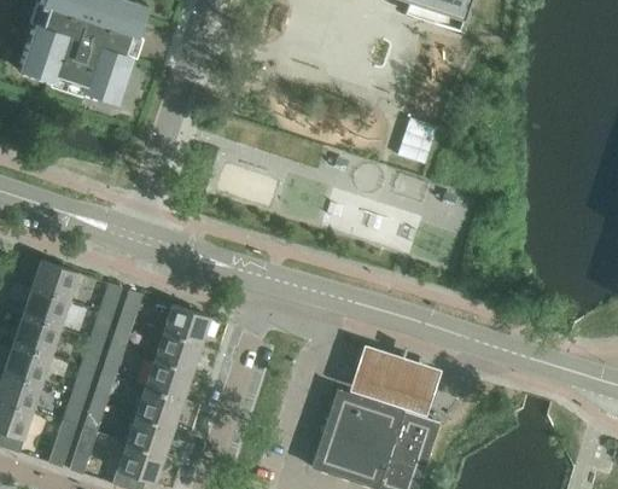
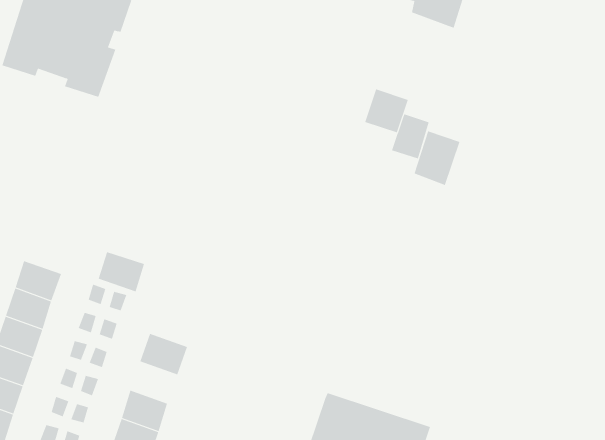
building: none -> [364,89,408,133]
building: none -> [414,130,460,186]
building: [163,305,209,345] -> [98,252,145,292]
building: [348,343,442,414] -> none
building: [144,360,191,401] -> none

